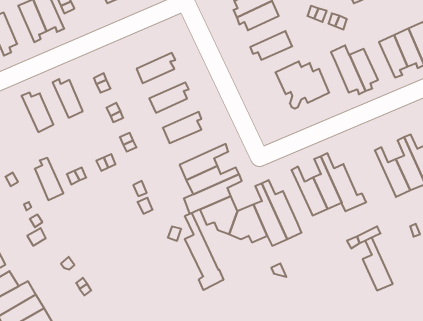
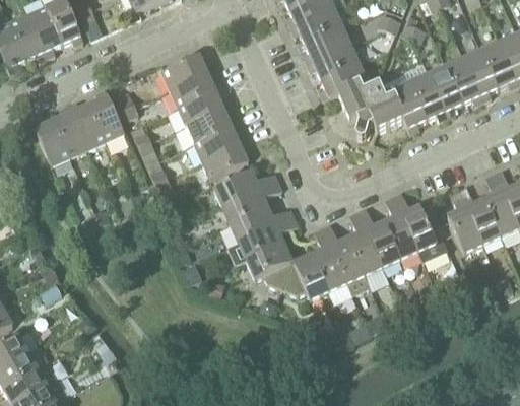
building: none -> [10,13,47,60]
building: none -> [304,25,350,63]
building: none -> [161,53,213,89]
building: none -> [445,57,482,104]
building: none -> [320,62,367,99]
building: none -> [391,80,427,133]
building: none -> [89,88,125,140]
building: none -> [178,89,230,125]
building: none -> [194,125,246,160]
building: none -> [214,170,278,205]
building: [35,158,63,200] -> [54,106,88,156]
building: none -> [347,211,383,274]
building: [185,213,223,290] -> none
building: [363,237,393,290] -> [447,188,483,252]

